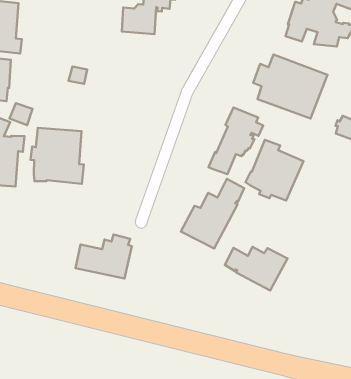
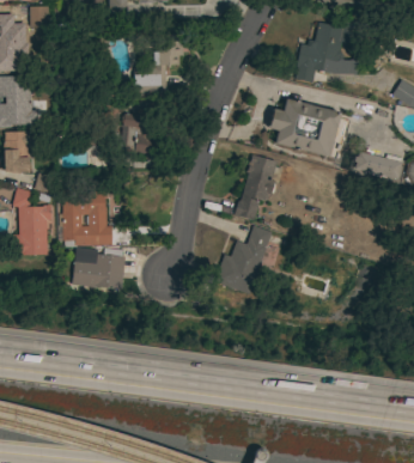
building: none -> [122,114,159,160]
building: [245,140,303,201] -> none
building: [75,235,132,279] -> [73,248,126,290]
building: [225,247,287,290] -> none

